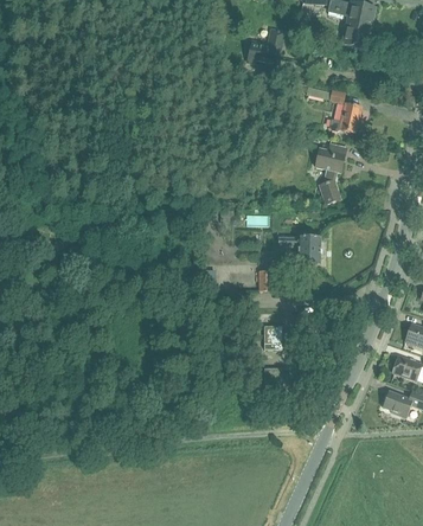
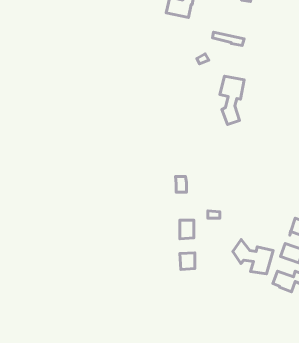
building: [329,102,361,132] -> none
building: [277,236,320,264] -> none
building: none -> [233,239,273,274]

